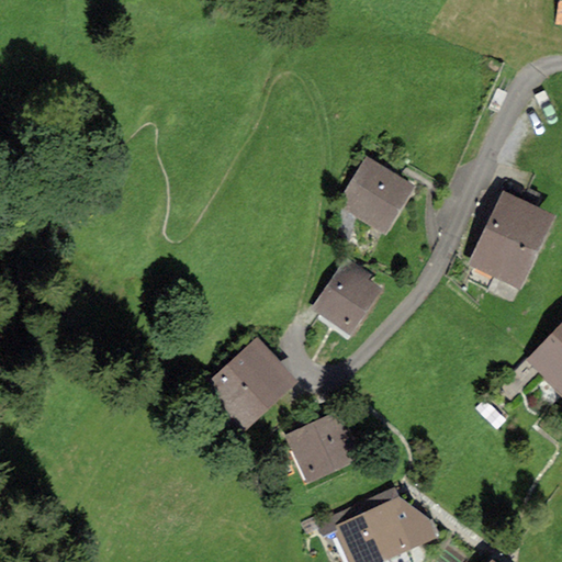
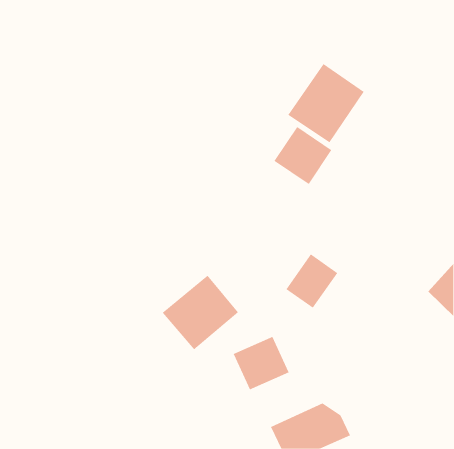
building: none -> [288,63,364,143]
building: [469,189,552,285] -> none
building: [318,261,383,329] -> [286,254,338,309]

